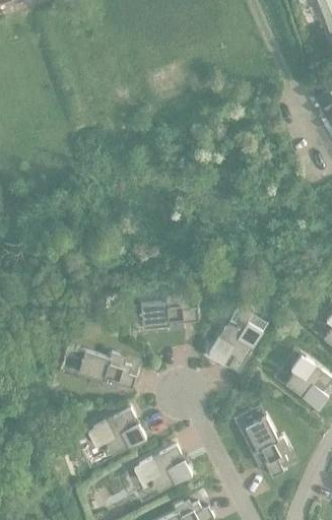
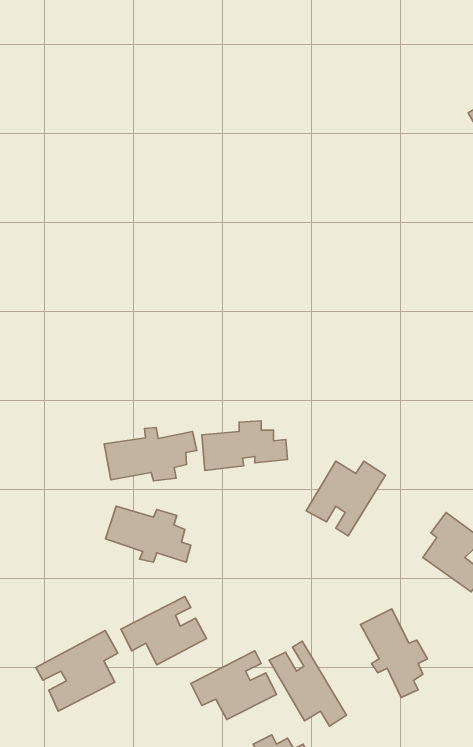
building: none -> [104,428,197,481]
building: none -> [36,631,118,711]
building: none -> [269,641,347,726]

